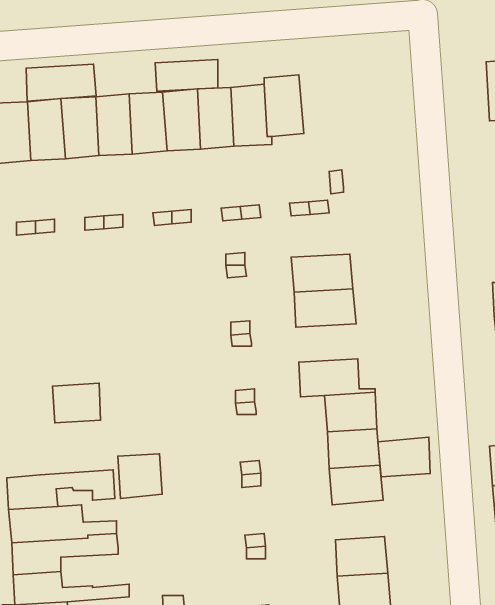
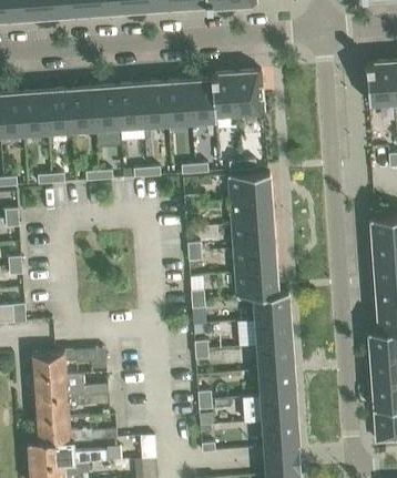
building: [155,60,218,91] -> none
building: [26,64,96,101] -> none
building: none -> [235,71,264,114]
building: none -> [228,174,271,201]
building: none -> [233,247,276,274]
building: [52,383,101,423] -> none
building: [378,437,430,477] -> [258,370,295,398]
building: [118,454,162,498] -> none

